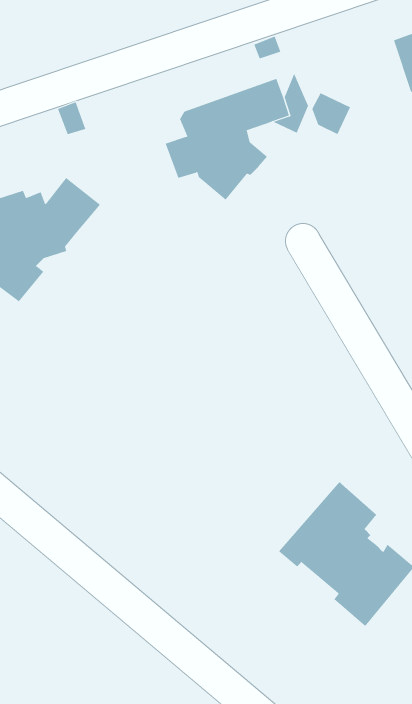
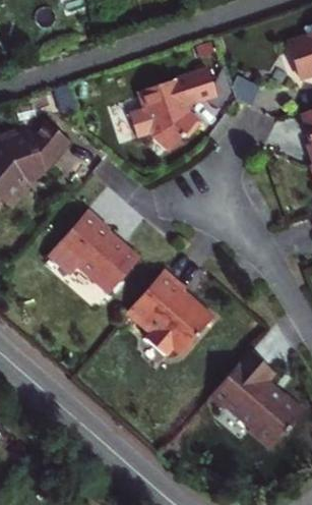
building: none -> [46,211,139,295]
building: none -> [127,268,212,356]

